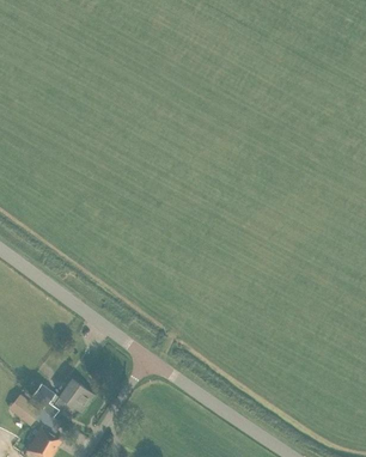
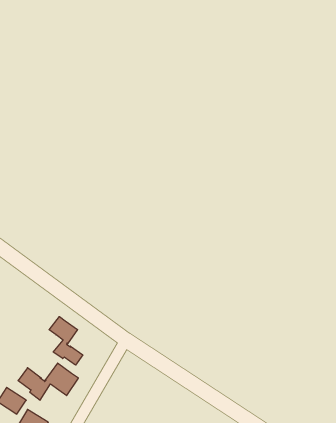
building: none -> [49,317,83,365]

